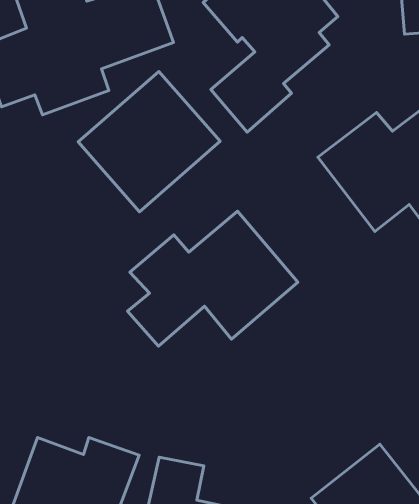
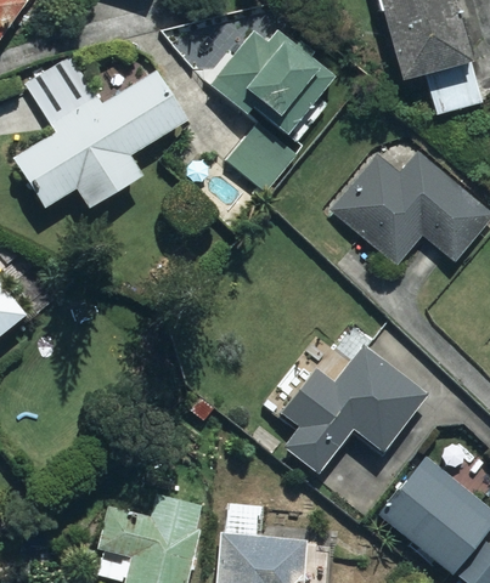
building: [78,71,220,212] -> none
building: [128,211,298,346] -> [276,341,428,474]

